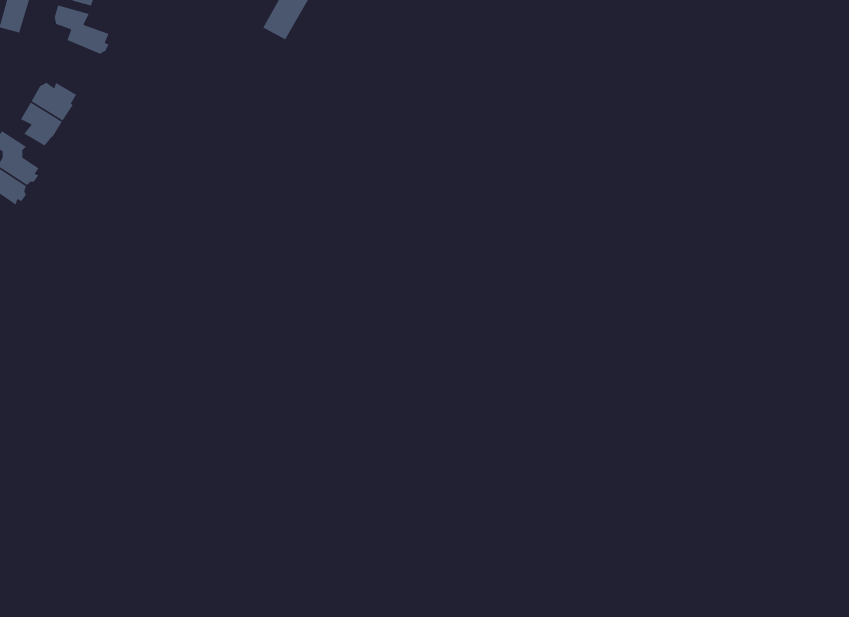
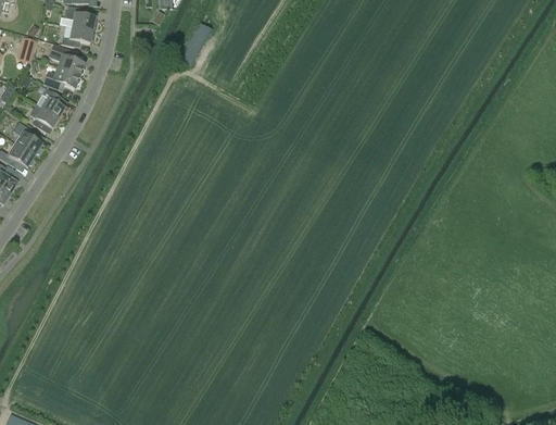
building: none -> [43,68,79,91]

